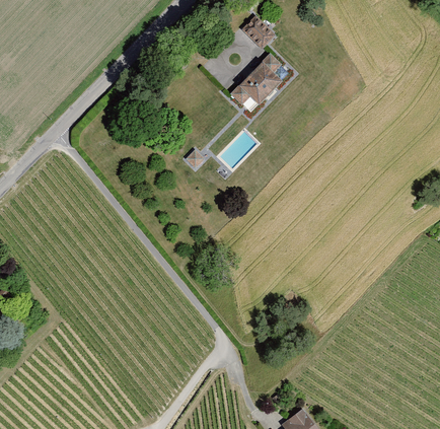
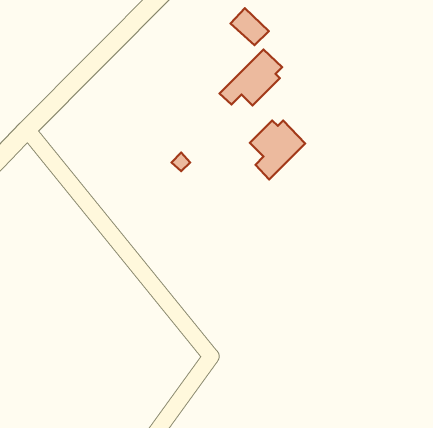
building: none -> [250,120,305,179]

